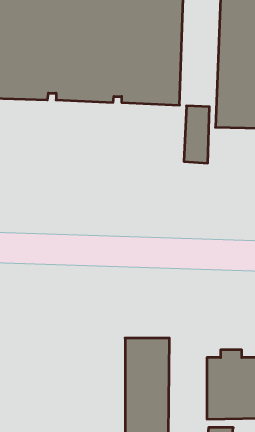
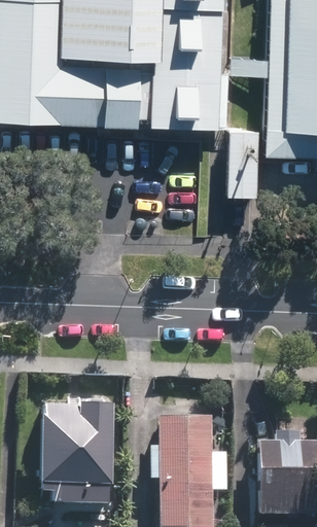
building: none -> [36,397,111,499]

